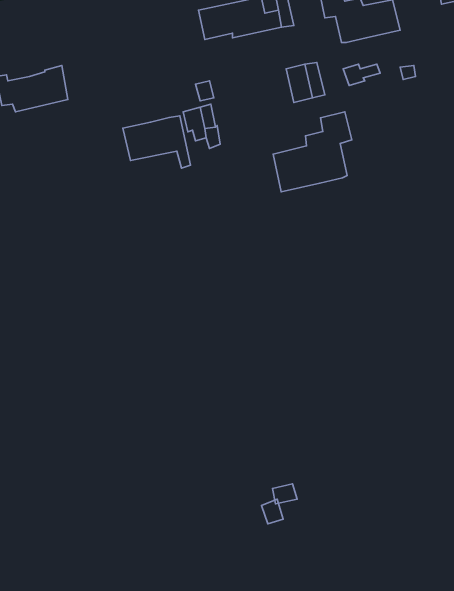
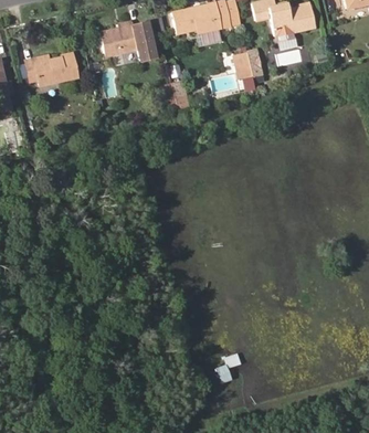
building: [273,112,352,192] -> none
building: [123,116,191,168] -> [99,23,148,61]

